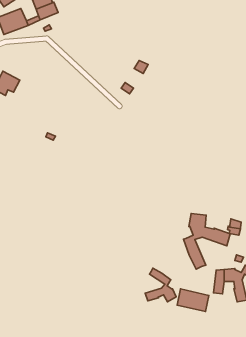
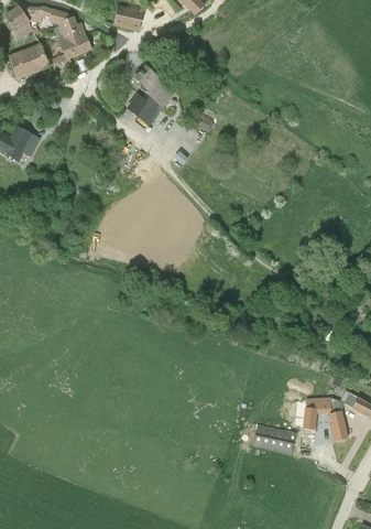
building: none -> [128,67,175,125]
building: [184,213,230,269] -> none
building: [145,268,176,302] -> none

